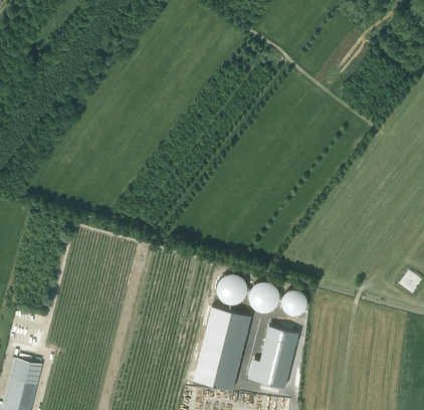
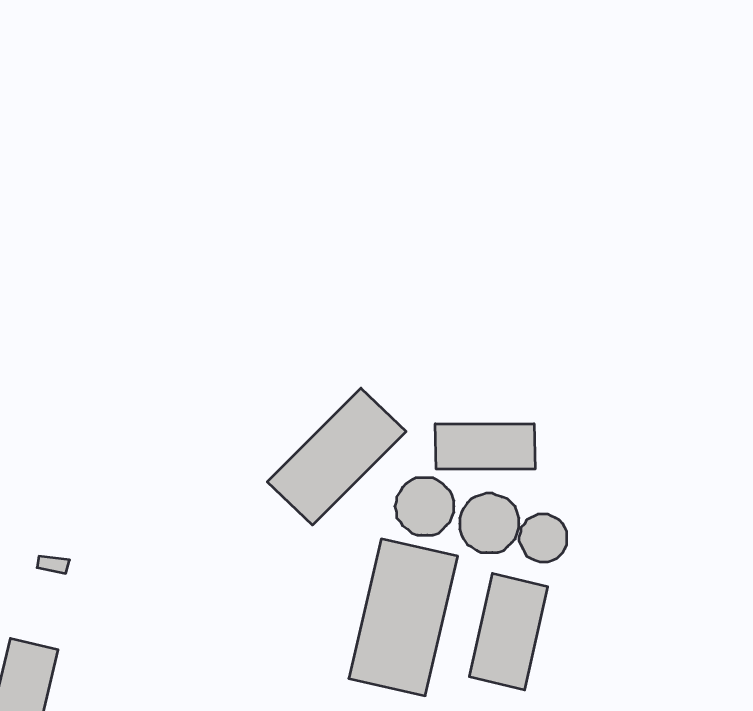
building: none -> [267,388,406,525]
building: none -> [435,424,535,469]

